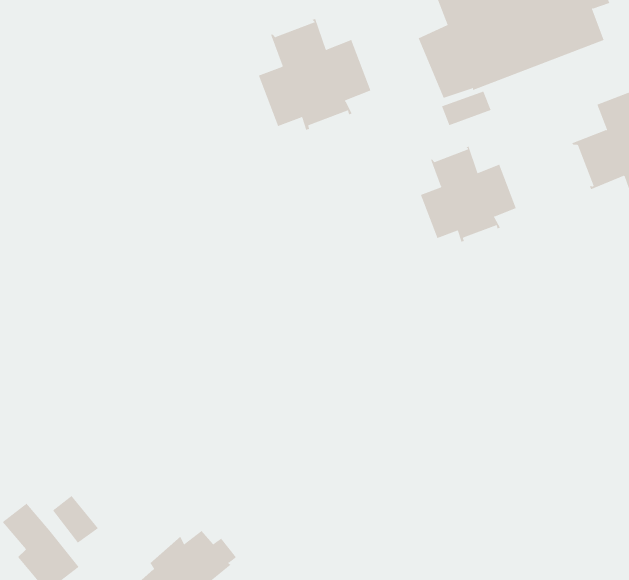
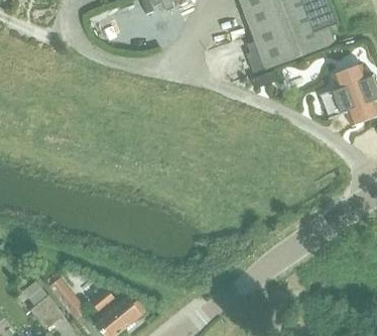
building: [258,18,371,131] -> none
building: [420,146,516,242] -> none

